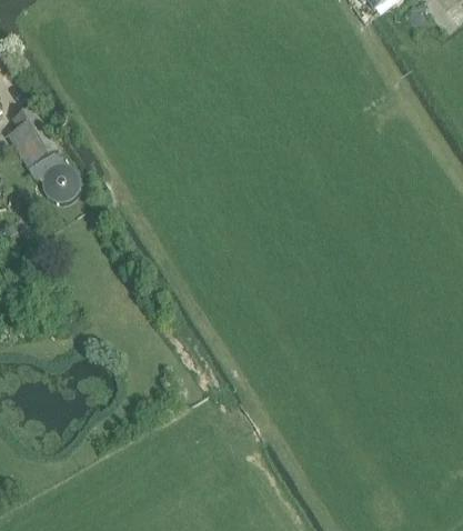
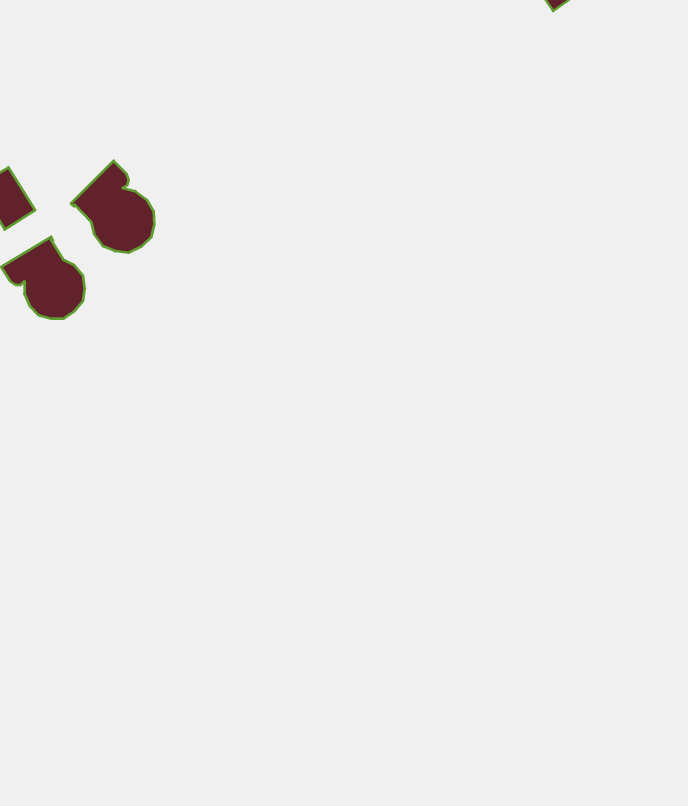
building: none -> [71,161,154,253]

